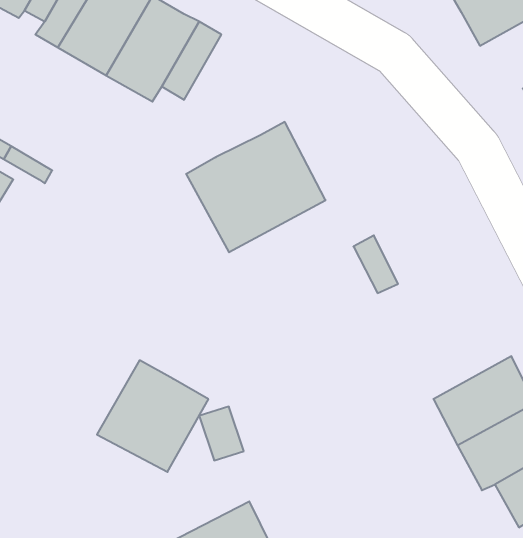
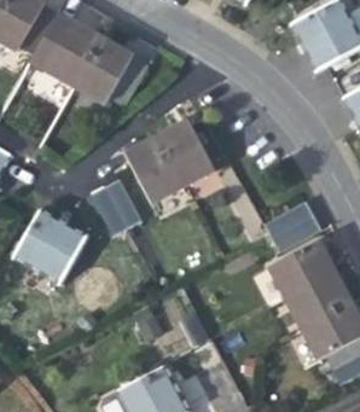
building: none -> [91,180,141,236]
building: none -> [265,201,321,251]
building: none -> [268,242,336,300]
building: [97,360,208,472] -> [13,210,86,283]

